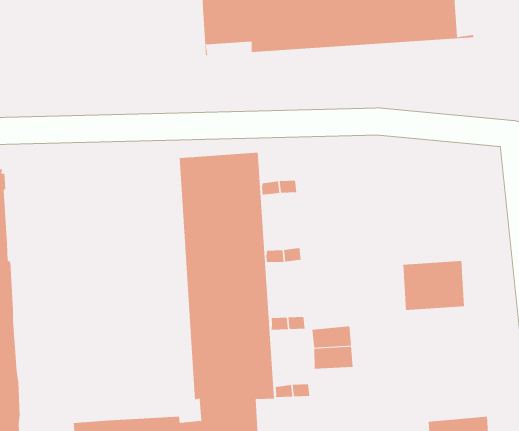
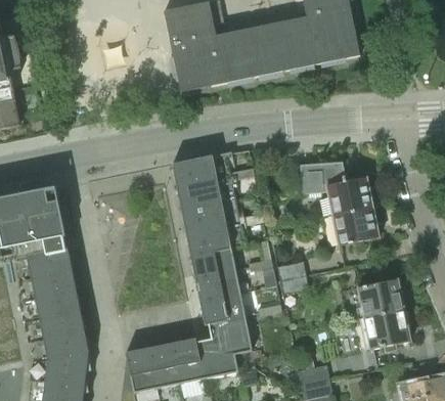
building: none -> [300,163,371,214]
building: none -> [356,278,403,317]

